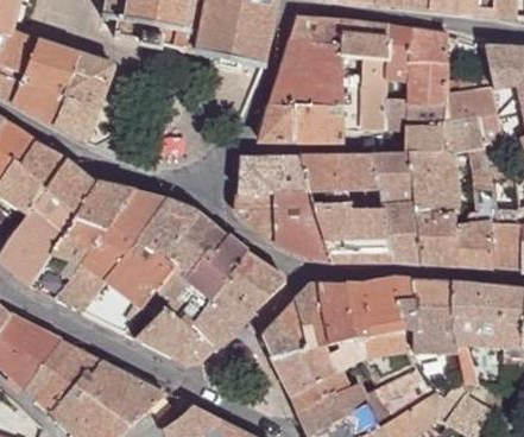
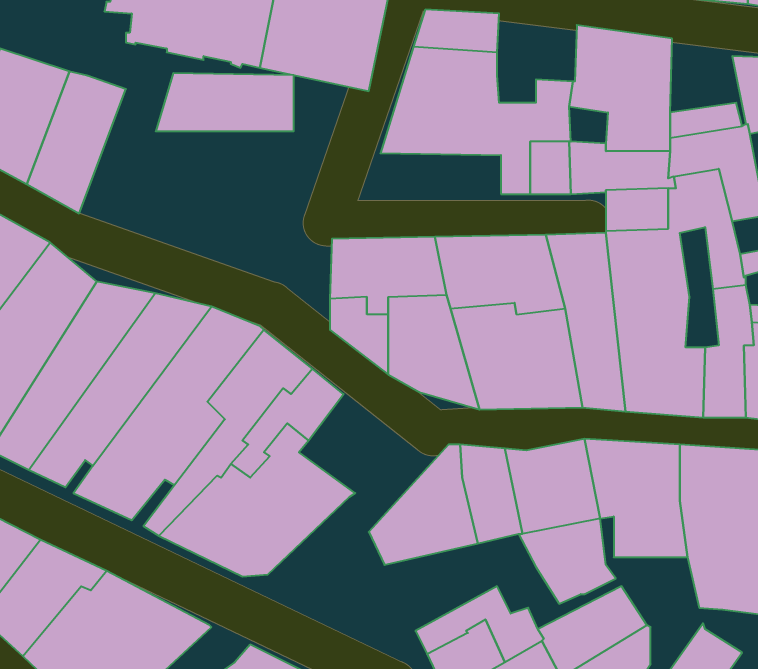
building: [340,18,389,59] -> none
building: [258,103,342,139] -> [156,73,294,131]
building: [219,251,284,311] -> none
building: [271,336,364,395] -> none

